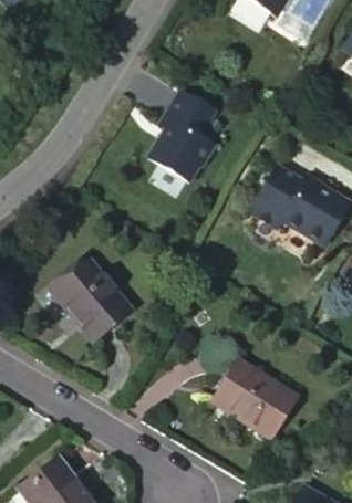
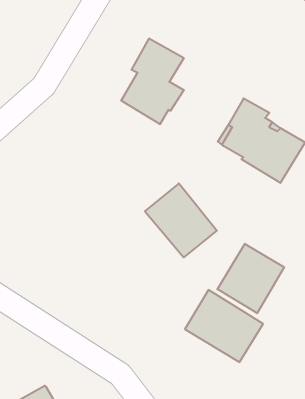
building: [51,259,128,338] -> [145,183,217,257]
building: none -> [217,244,284,313]

